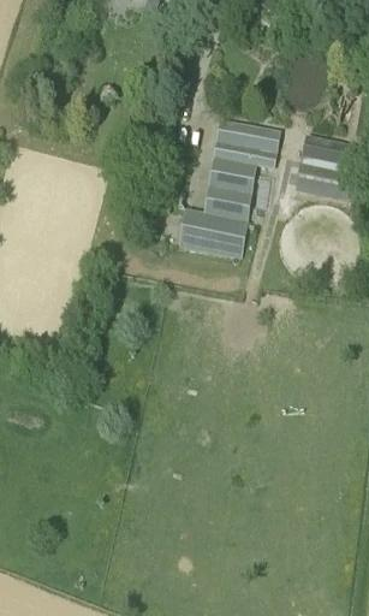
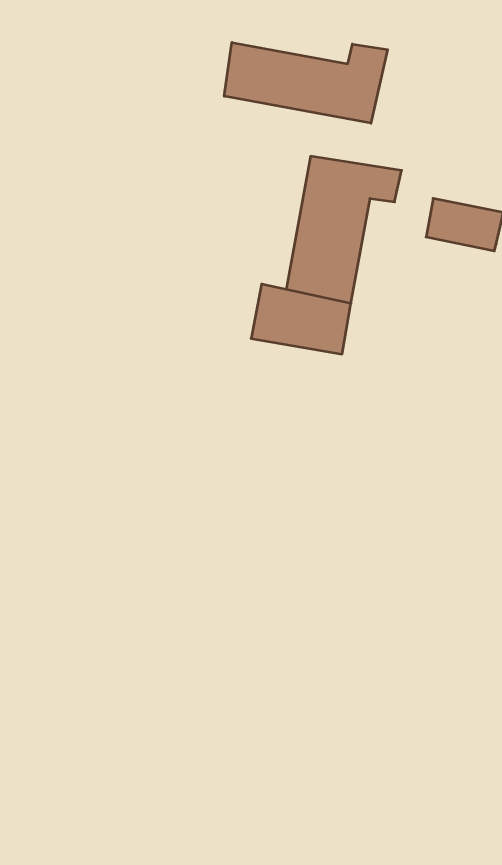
building: none -> [224,42,388,123]

